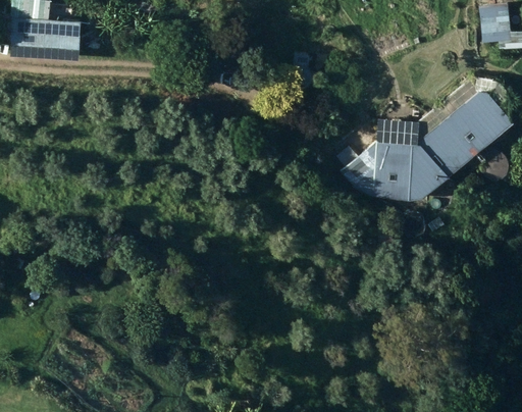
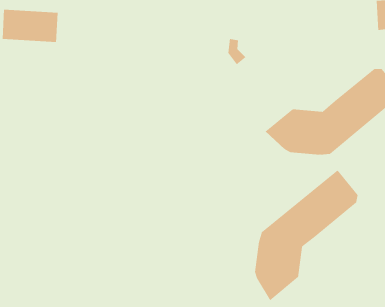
building: none -> [254,169,358,301]

